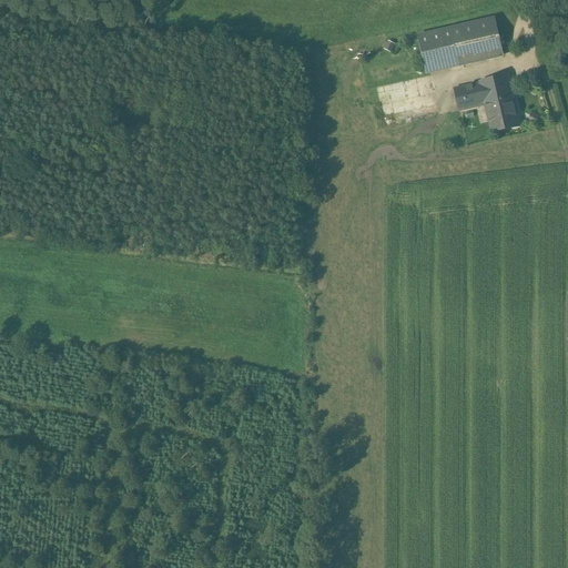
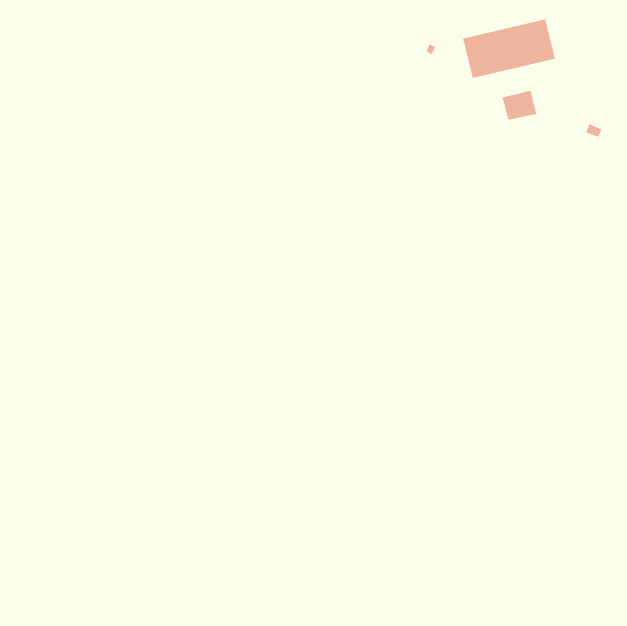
building: [479,74,518,131] -> none

